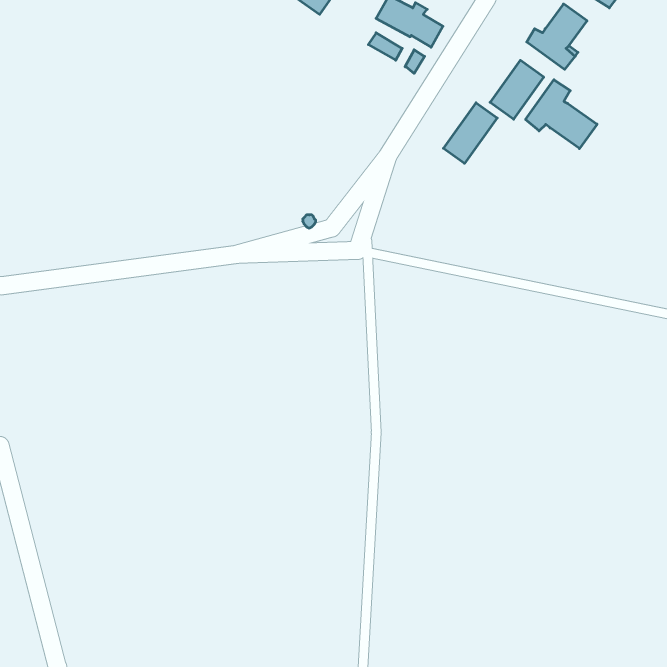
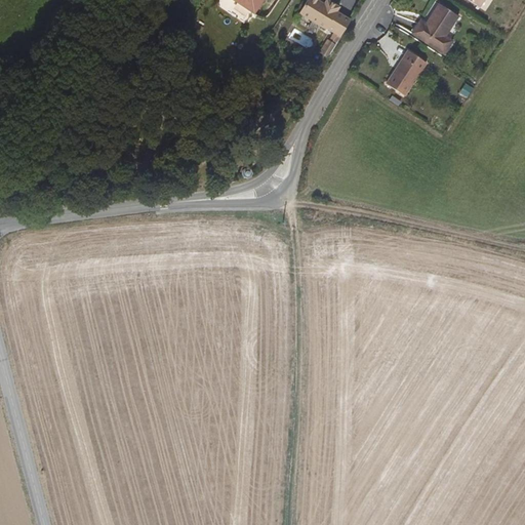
building: [526,80,597,149] -> none
building: [443,103,497,163] -> none

